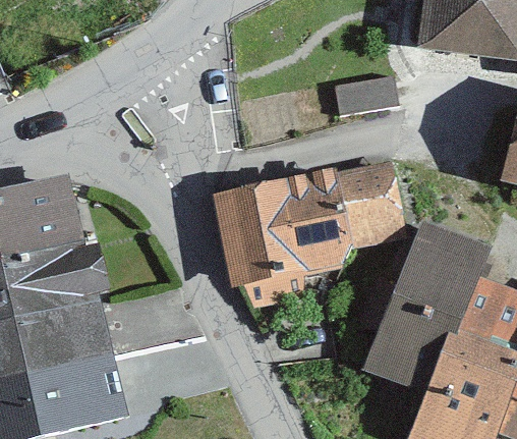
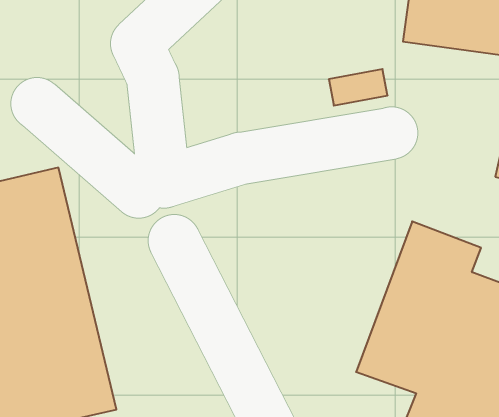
building: [216,164,410,286] -> none

